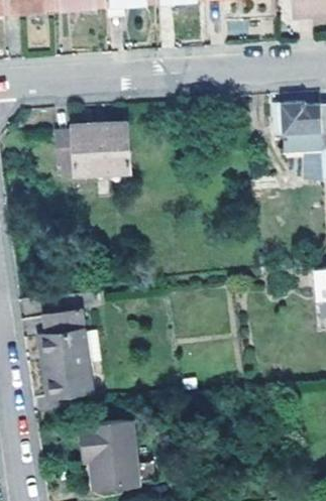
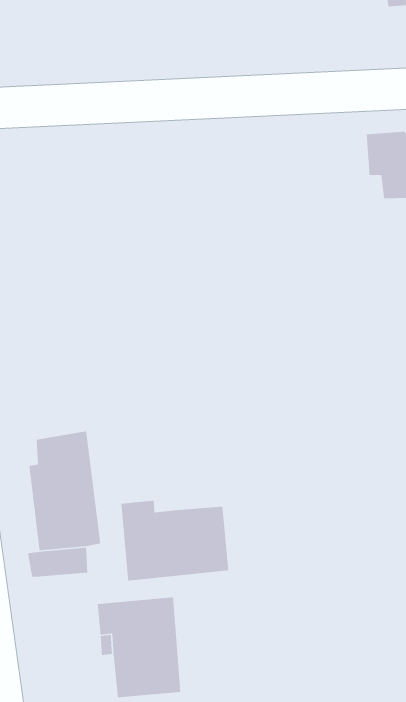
building: [59,118,132,175] -> none
building: none -> [121,500,229,582]

